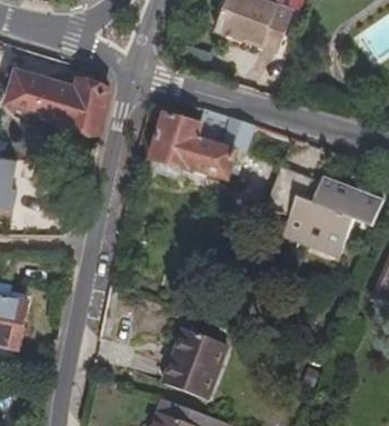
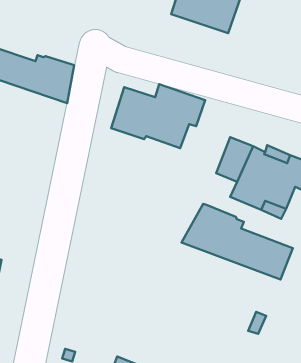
building: none -> [182,204,293,280]
building: [159,325,225,398] -> none

